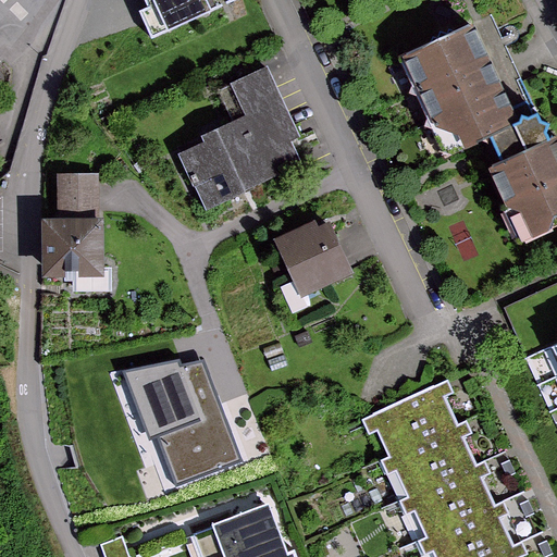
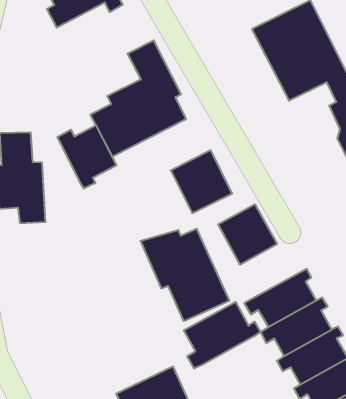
building: none -> [57,125,116,189]
building: none -> [218,204,277,265]
building: [120,356,231,475] -> [140,229,229,321]
building: none -> [184,302,261,369]

